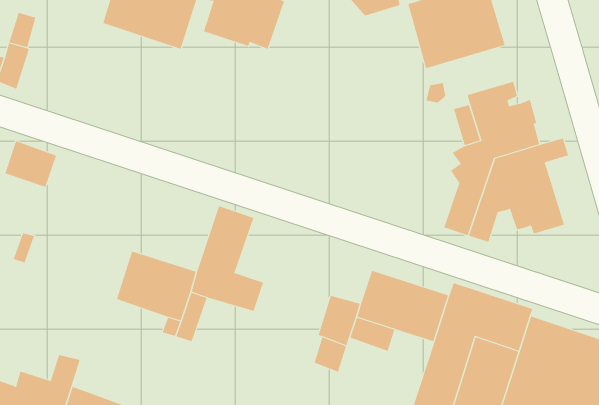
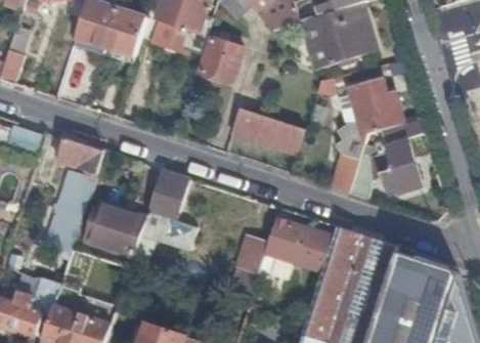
building: none -> [200,38,242,82]
building: none -> [230,108,304,155]
building: none -> [51,138,103,246]

